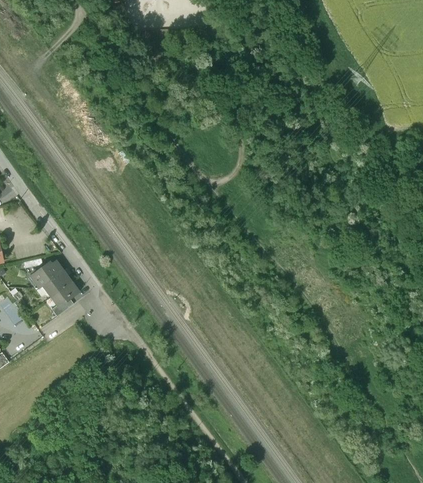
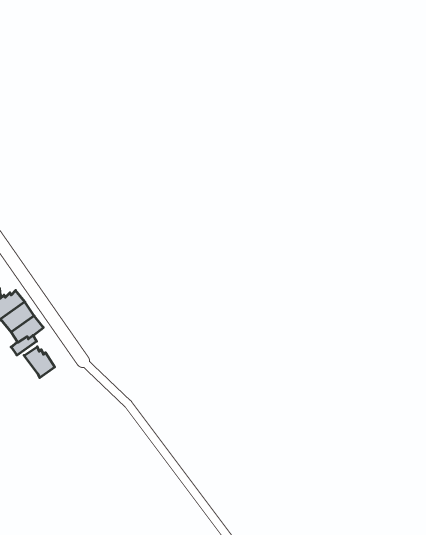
building: none -> [24,347,55,378]

